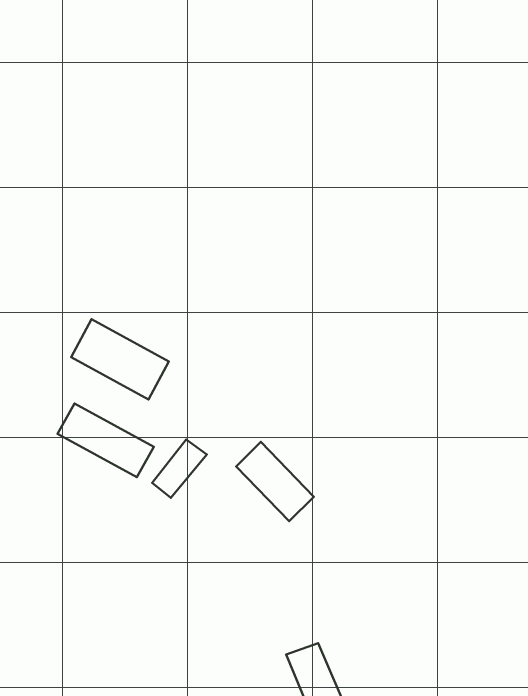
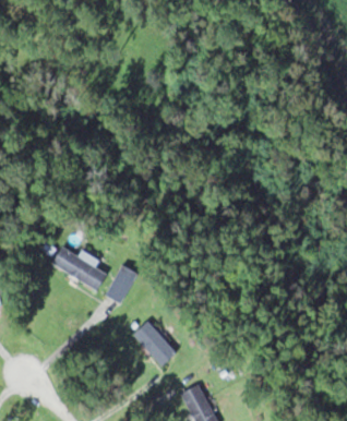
building: [71,319,169,399] -> none
building: [236,442,314,521] -> [132,321,177,366]

